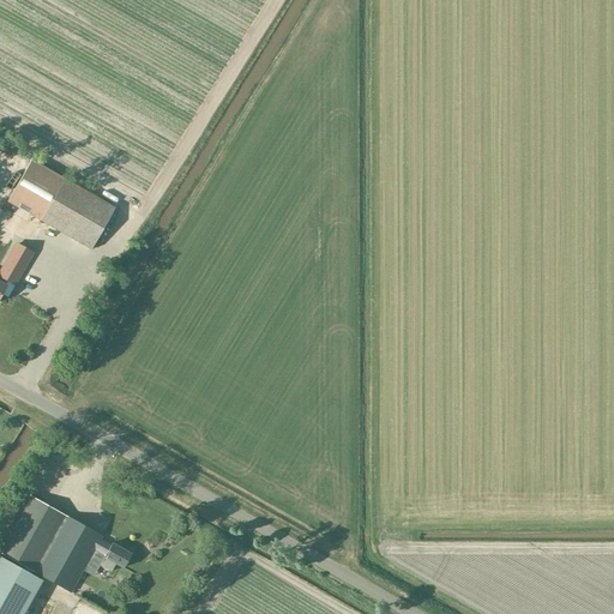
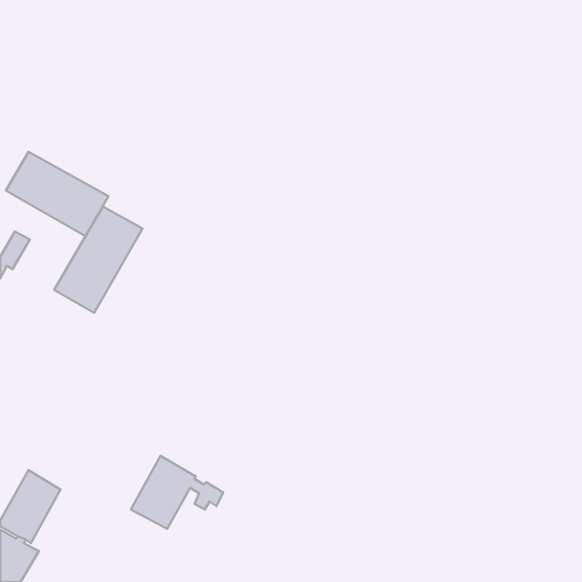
building: none -> [54,207,142,313]
building: [34,514,131,591] -> [131,456,223,529]

